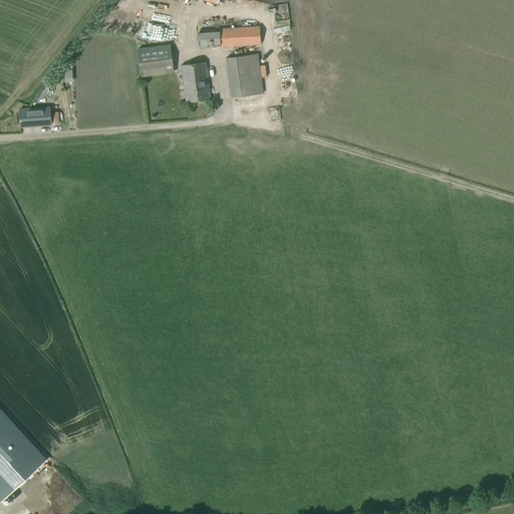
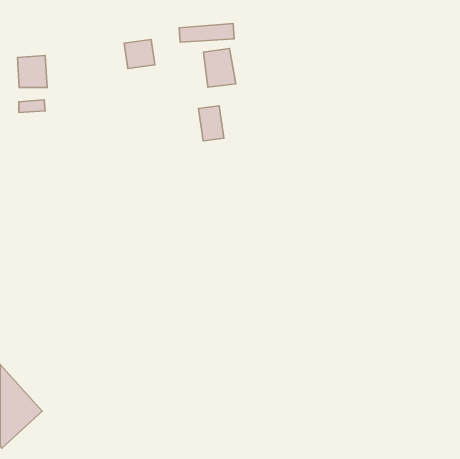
building: none -> [17,56,47,88]
building: [182,62,210,101] -> [199,106,224,141]

